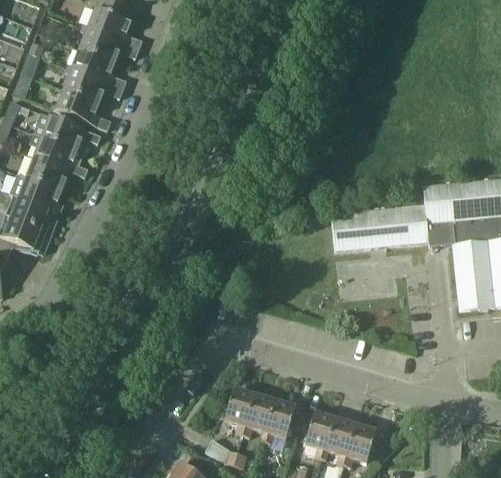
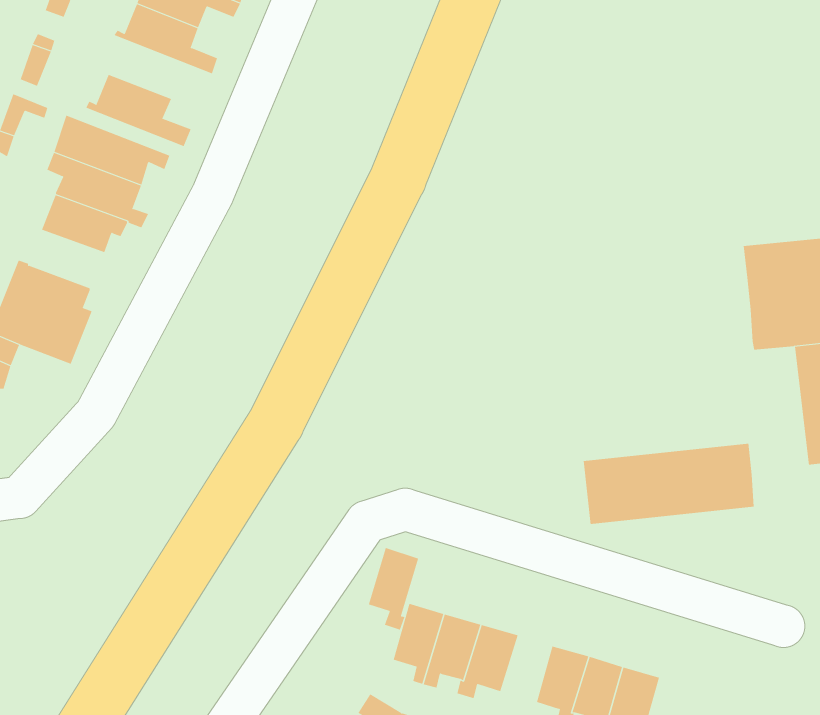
building: [64,67,123,103] -> none
building: [8,172,62,213] -> none
building: [331,204,428,250] -> [583,443,754,525]
building: none -> [368,547,419,630]

